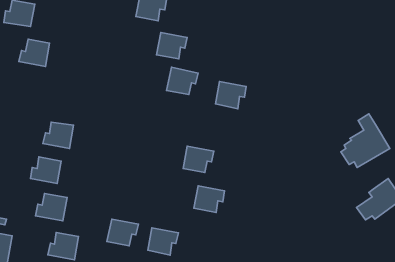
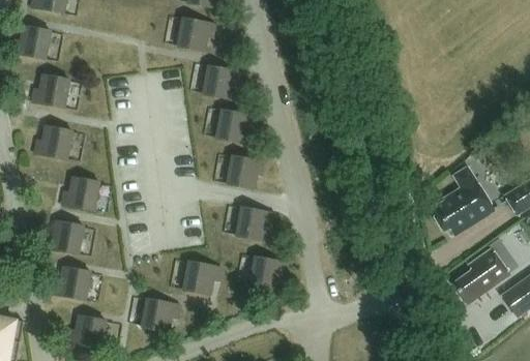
building: none -> [34,125,72,158]
building: [215,82,246,109] -> [227,155,265,189]
building: [148,228,178,255] -> [183,261,222,295]

